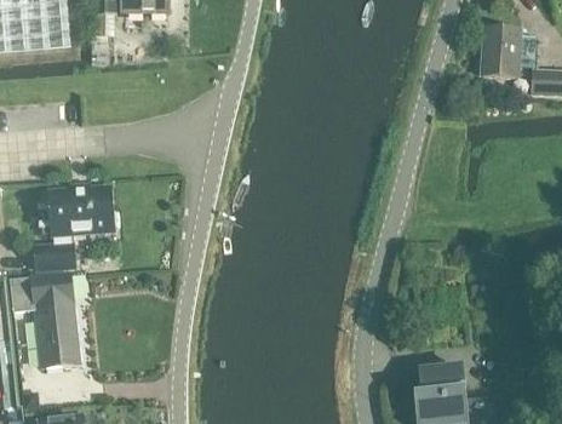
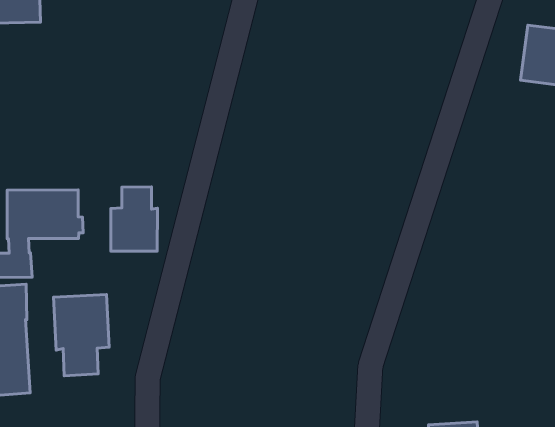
building: none -> [111,187,157,251]
building: none -> [54,294,109,376]

